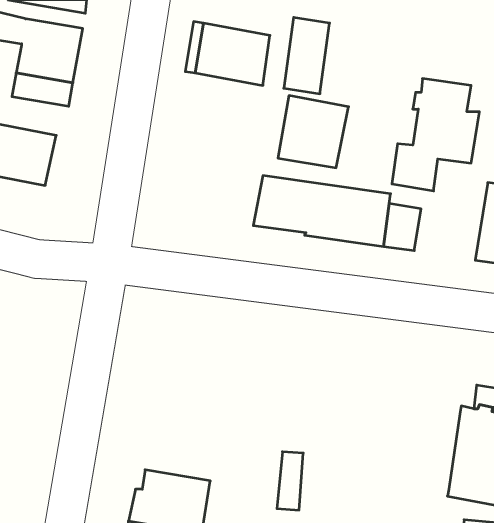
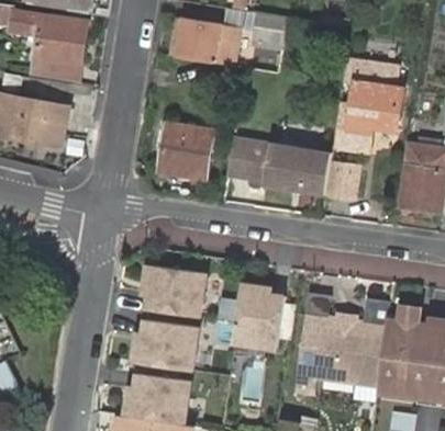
building: [278,96,349,168] -> [158,123,214,180]
building: none -> [147,264,208,316]
building: none -> [234,283,286,347]
building: none -> [294,315,388,387]
building: none -> [134,318,199,370]

